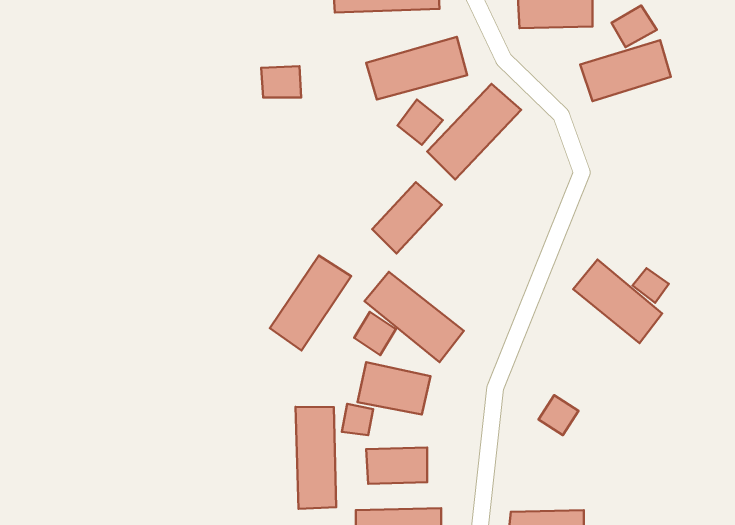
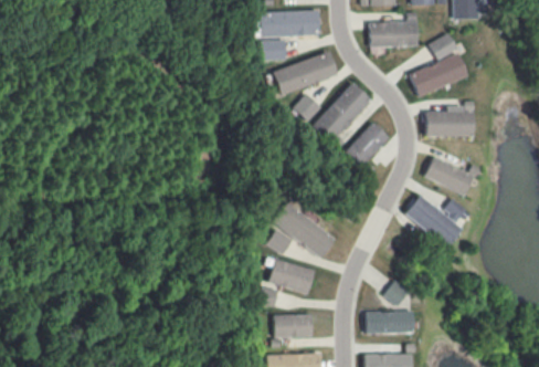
building: [261,66,301,97] -> [262,40,287,60]
building: none -> [426,104,474,137]
building: [372,182,442,253] -> [346,123,390,168]
building: none -> [424,157,474,196]
building: [270,256,351,351] -> none
building: [296,407,336,509] -> none
building: none -> [366,311,414,334]

